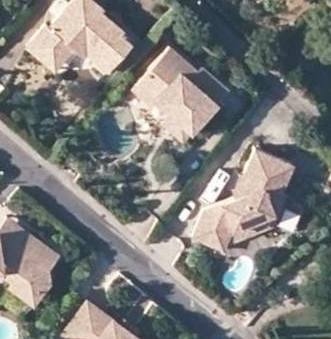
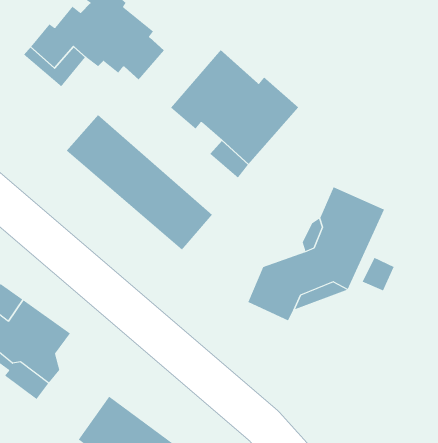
building: none -> [66,114,213,251]

